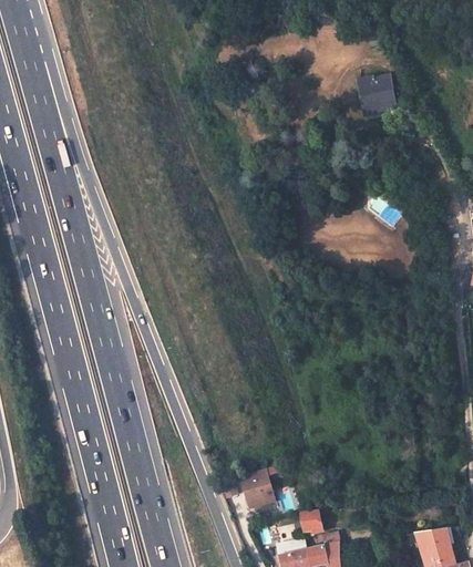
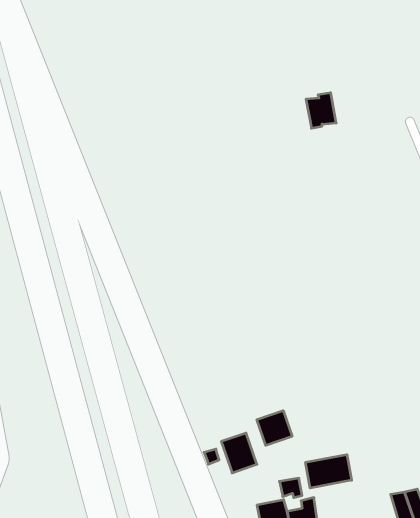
building: [361,78,392,114] -> [306,93,336,128]
building: none -> [257,411,292,445]
building: none -> [306,455,352,488]

